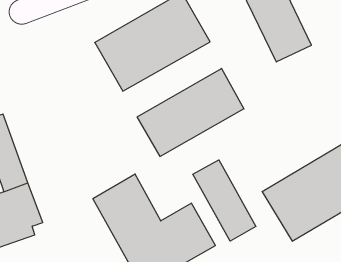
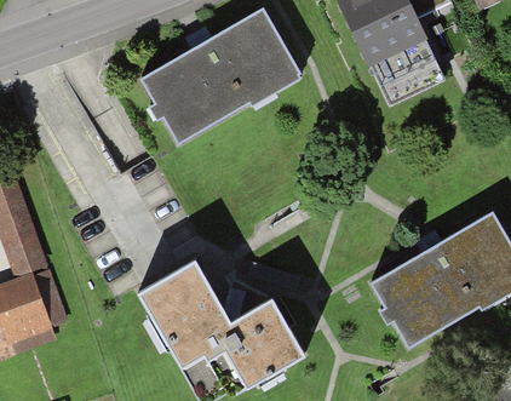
building: [137,68,244,156] -> none
building: [193,160,256,241] -> none

